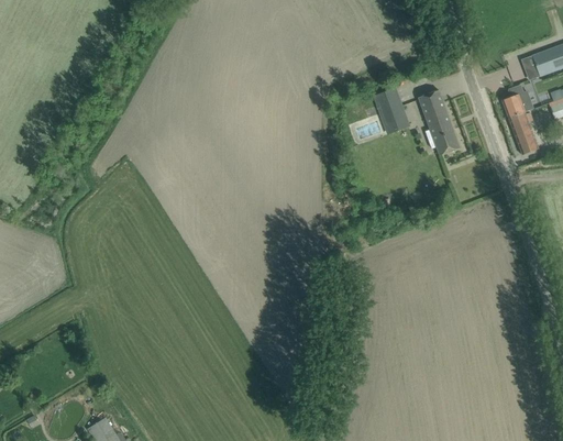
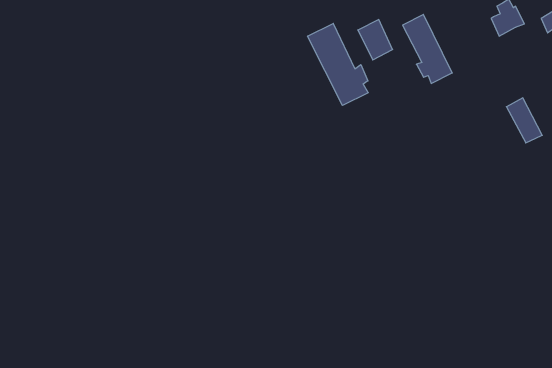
building: none -> [308,23,368,105]
building: [508,111,539,154] -> [506,98,542,143]

